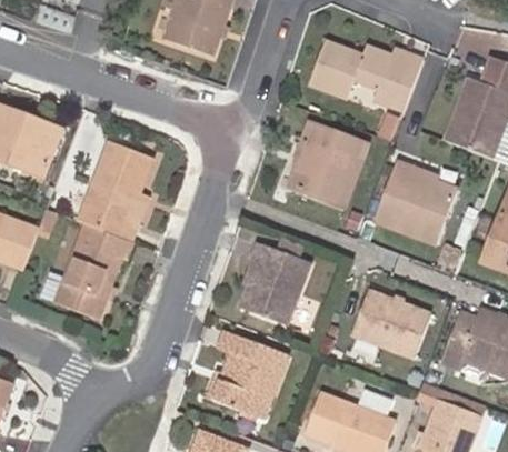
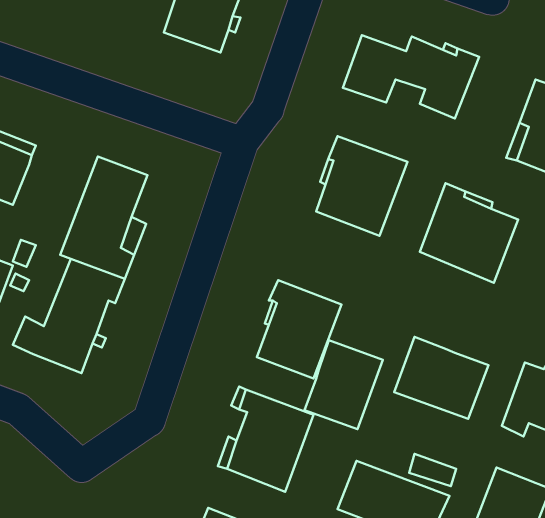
building: none -> [304,340,383,429]

